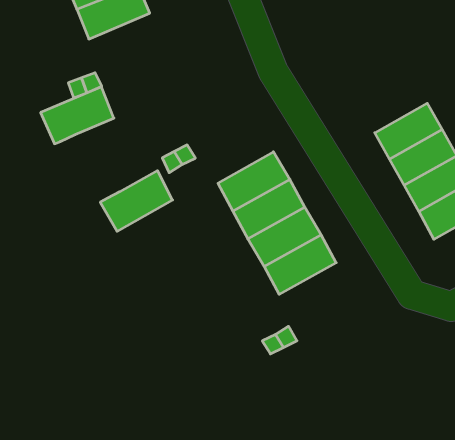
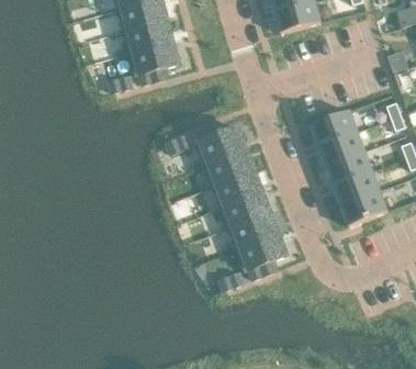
building: none -> [311,109,358,145]
building: [41,87,114,144] -> [128,40,179,75]
building: [100,171,173,231] -> [195,126,246,165]
building: none -> [236,232,288,270]

